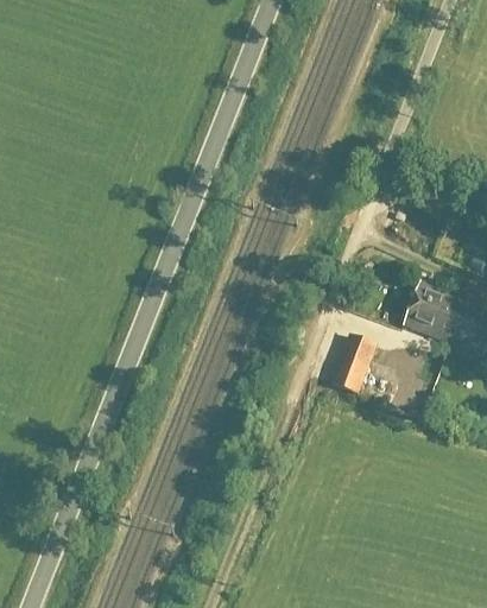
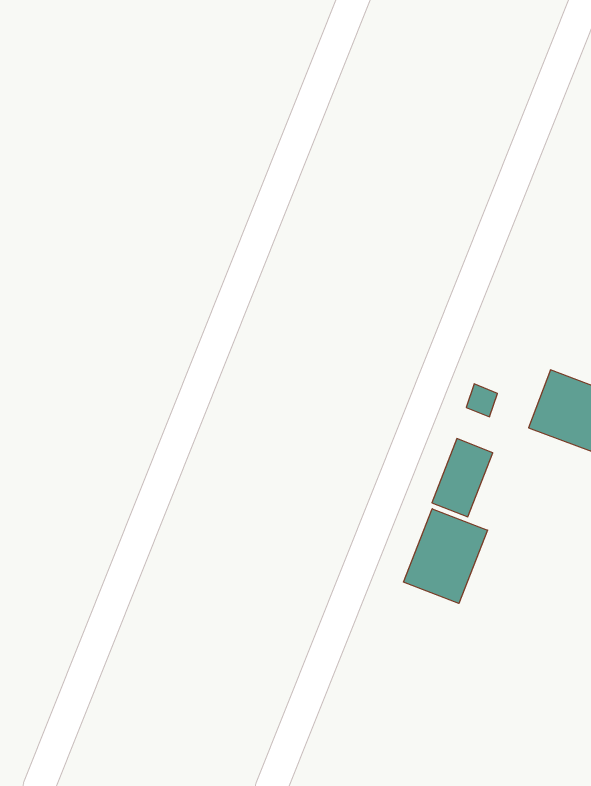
building: none -> [404,509,488,603]

